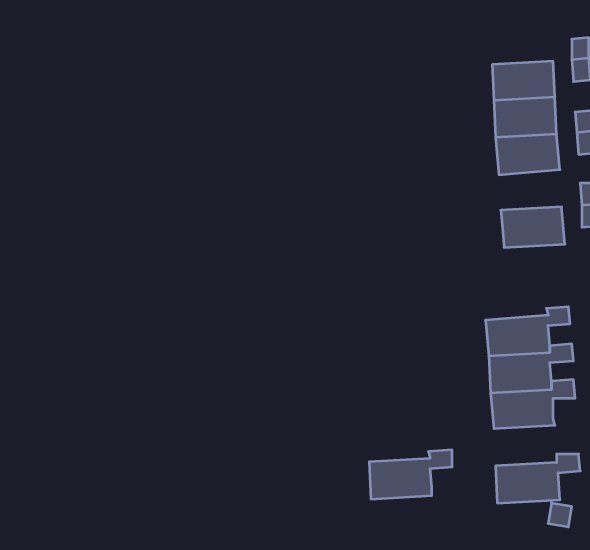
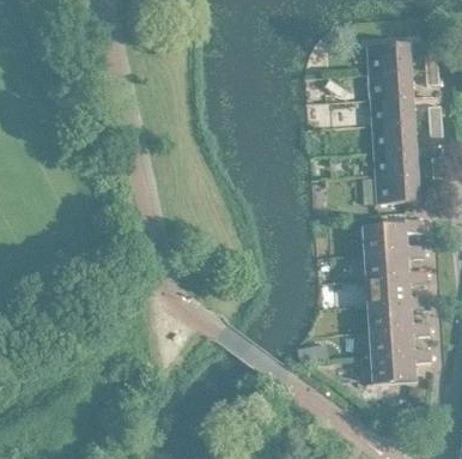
building: none -> [366,44,412,73]
building: none -> [373,147,418,176]
building: none -> [363,219,423,254]
building: [369,450,452,499] -> [370,322,428,357]

